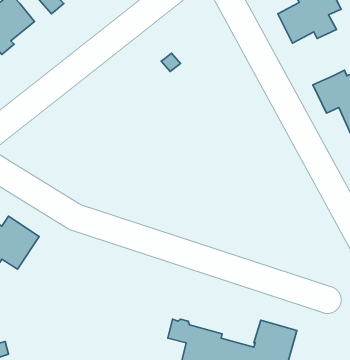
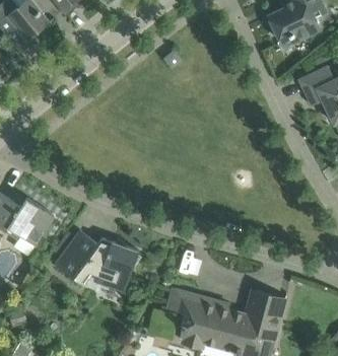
building: none -> [54,230,141,286]

